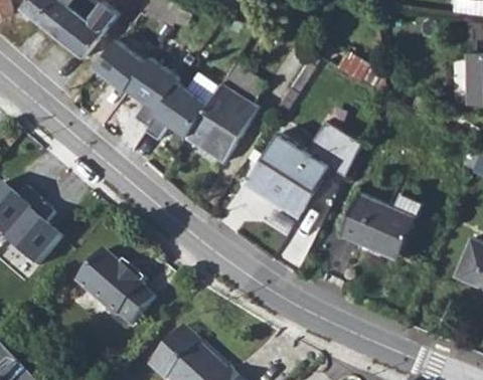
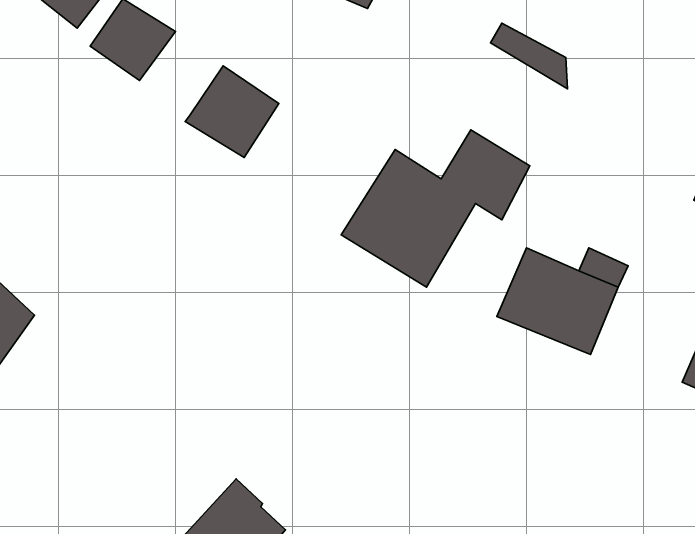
building: [122,54,176,110] -> none
building: [186,62,264,160] -> none
building: [77,252,156,326] -> none

